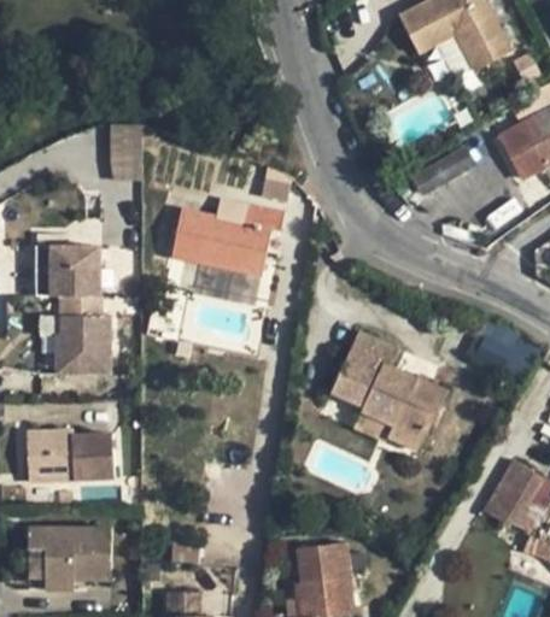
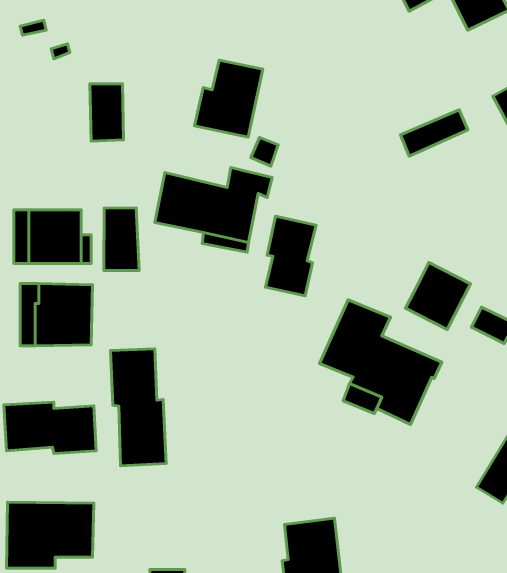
building: none -> [194,60,263,137]
building: none -> [104,208,139,270]
building: none -> [266,216,316,296]
building: none -> [406,263,471,330]
building: none -> [110,349,166,466]

